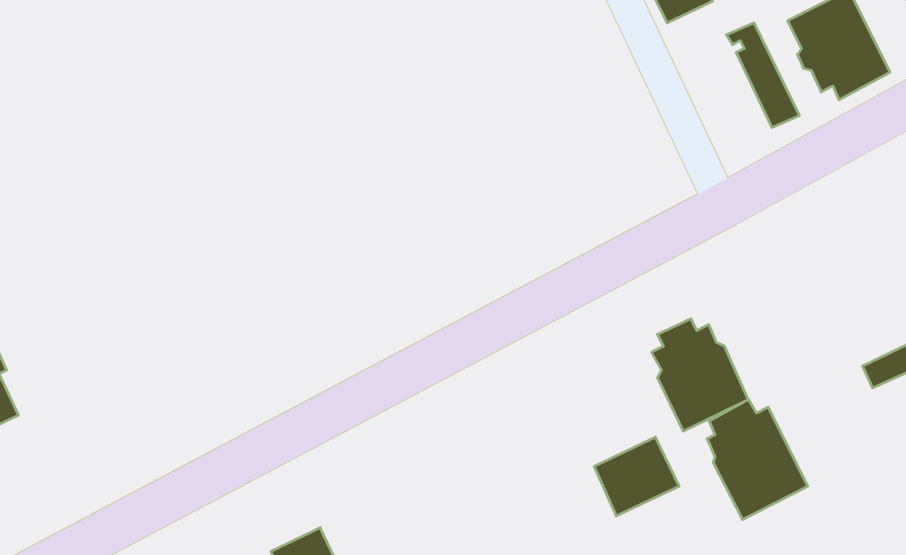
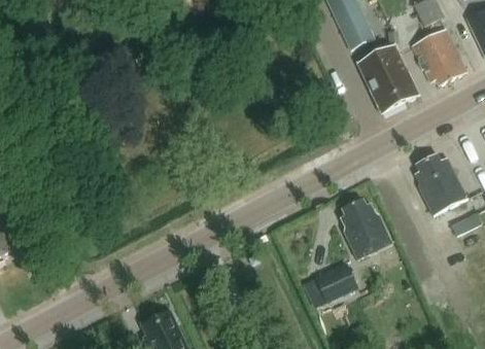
building: none -> [357,51,404,111]
building: [707,399,808,520] -> [415,152,467,215]

